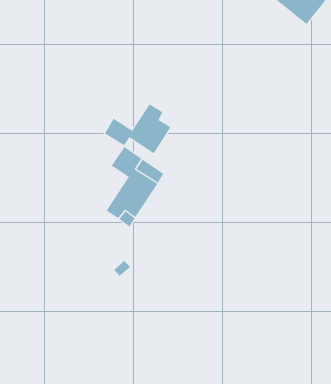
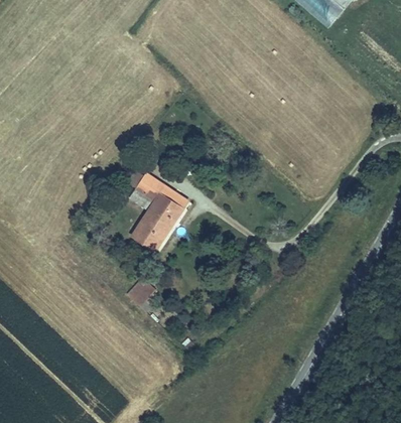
building: [104,103,171,154] -> none

